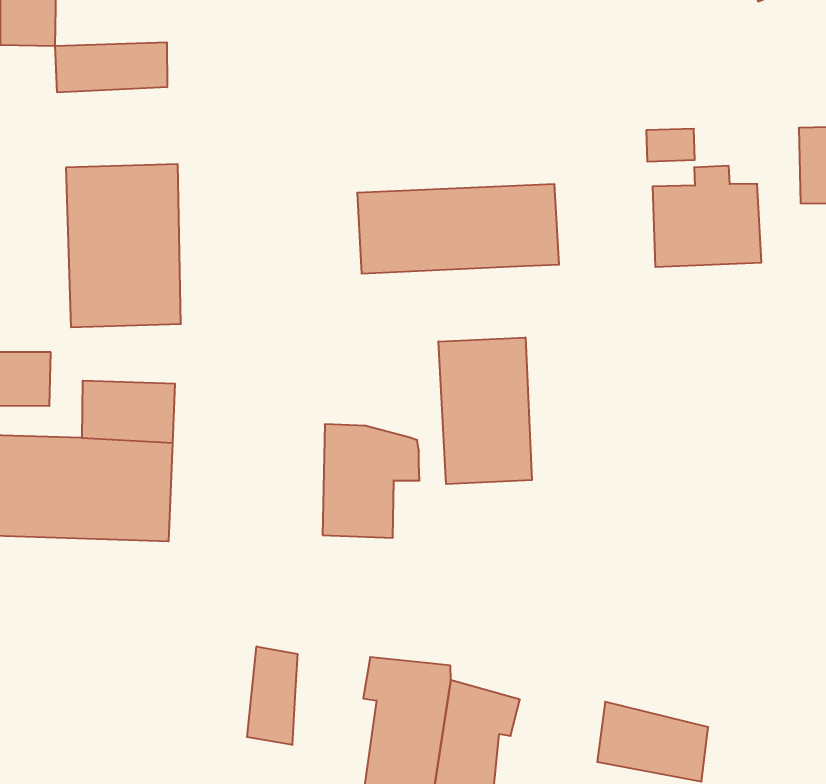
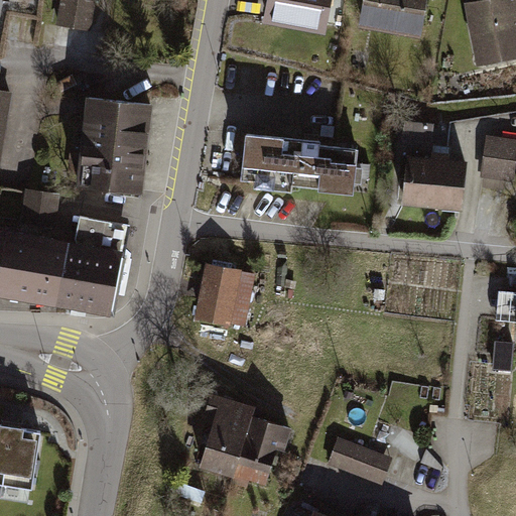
building: [55,42,167,92] -> none
building: [438,337,532,484] -> none
building: [247,646,297,745] -> none

